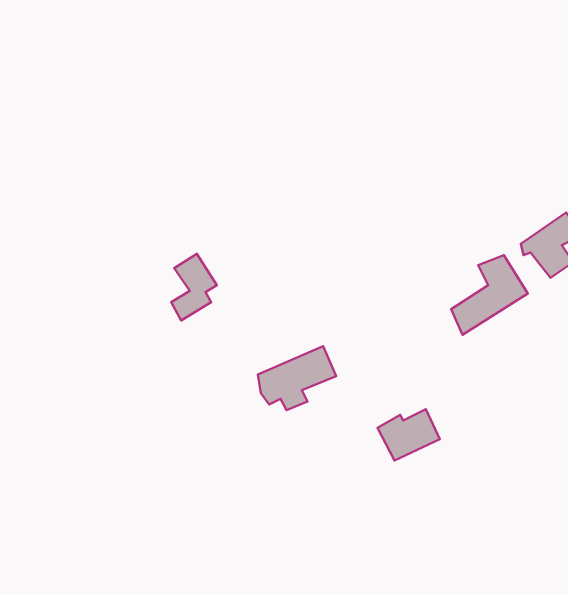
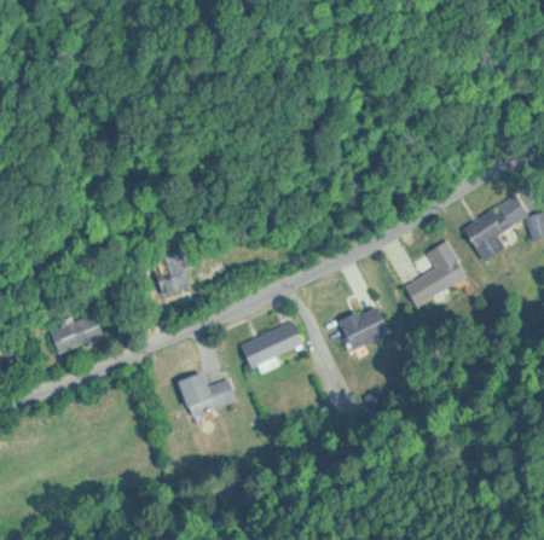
building: none -> [56,313,110,353]
building: [377,409,440,460] -> [334,304,387,348]
building: none -> [174,373,237,419]

